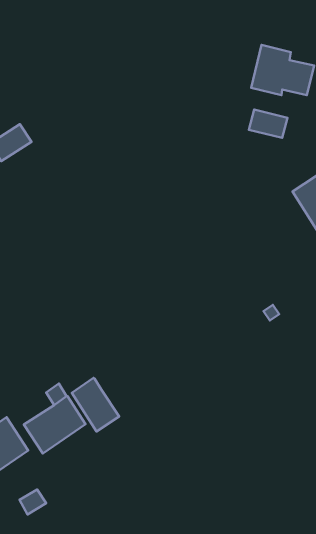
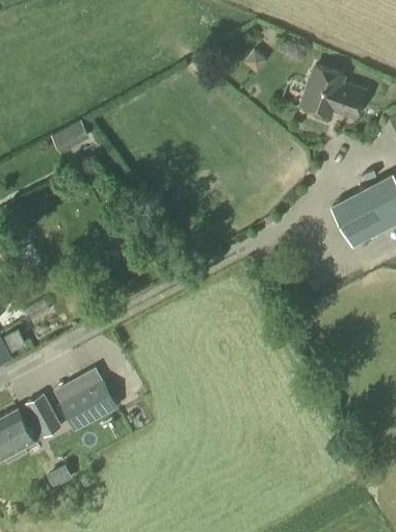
building: [249,110,287,138] -> none
building: [72,378,119,431] -> none

